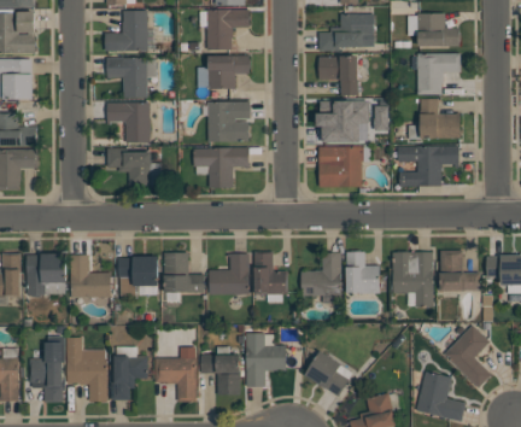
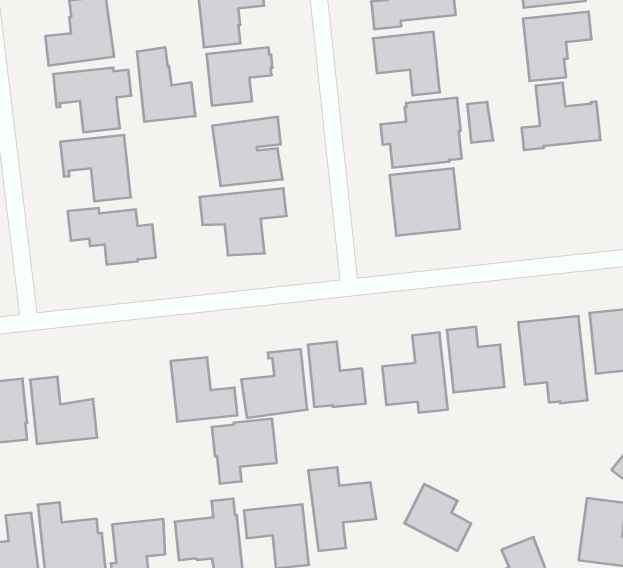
building: none -> [137,47,195,122]
building: [398,146,459,187] -> none
building: [119,257,159,296] -> [212,419,277,484]

